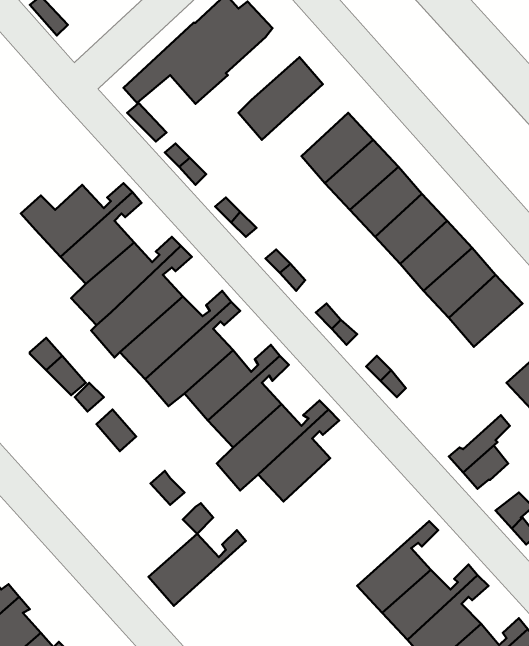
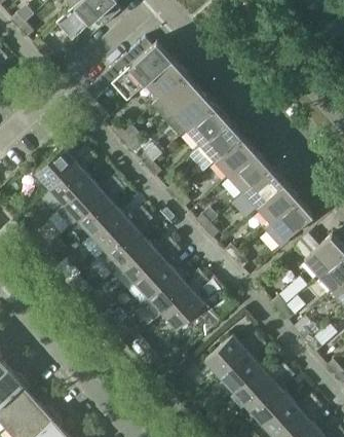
building: none -> [144,58,186,99]
building: none -> [164,89,214,138]
building: [149,530,246,606] -> [204,333,260,376]

